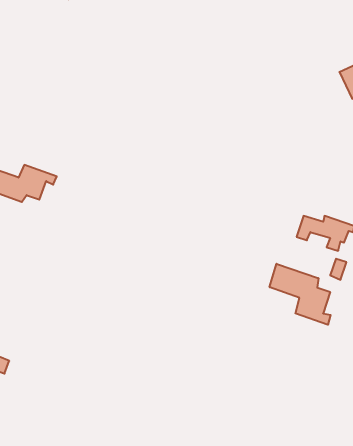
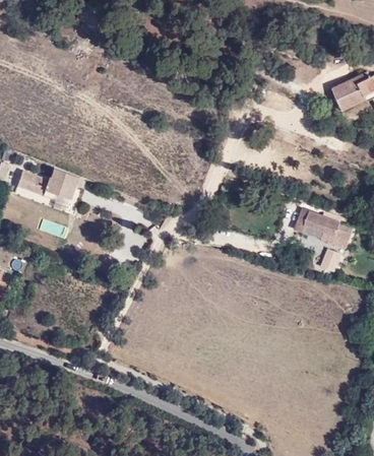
building: [270,264,331,325] -> none

